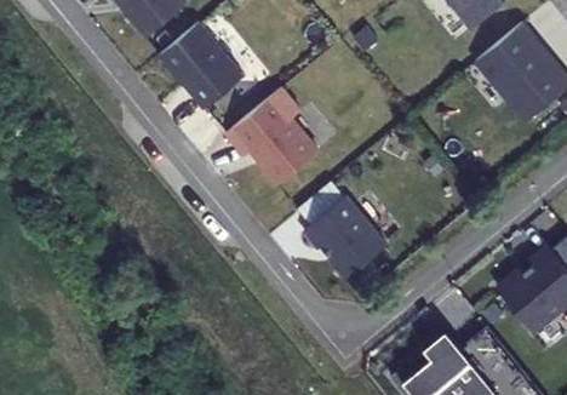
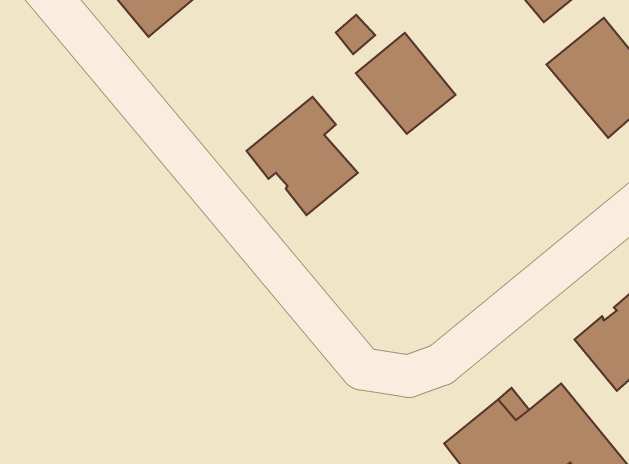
building: [159,21,244,109] -> none
building: none -> [356,33,456,134]
building: [303,195,386,280] -> none

